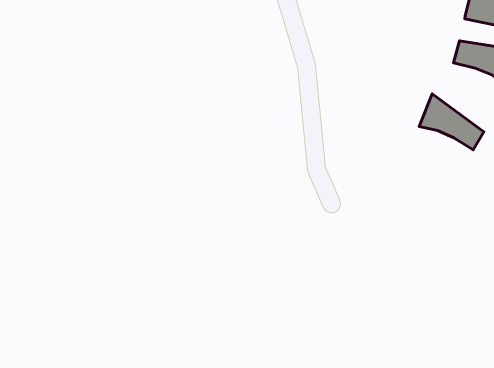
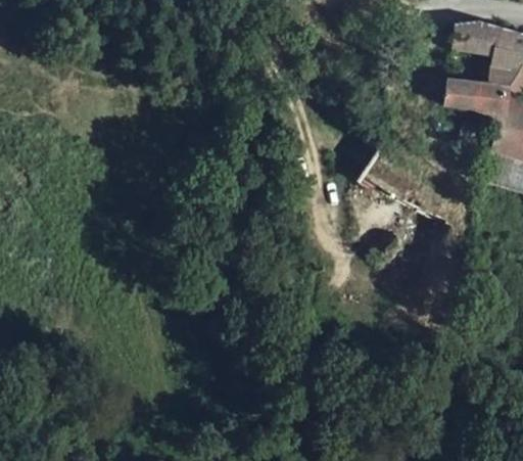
building: [419,94,484,150] -> none

